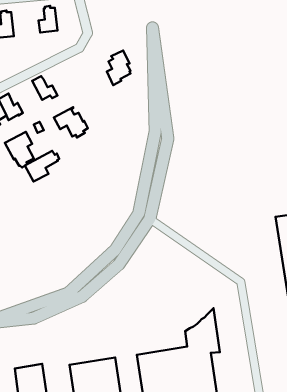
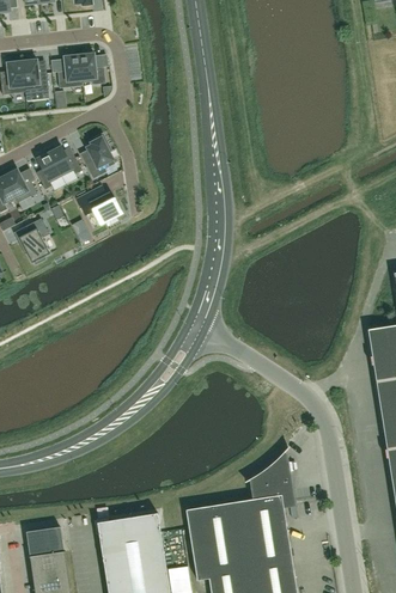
building: none -> [79,51,105,86]
building: none -> [22,59,49,93]
building: [107,51,130,85] -> [84,135,115,181]
building: none -> [36,152,66,191]
building: [25,151,59,181] -> none

